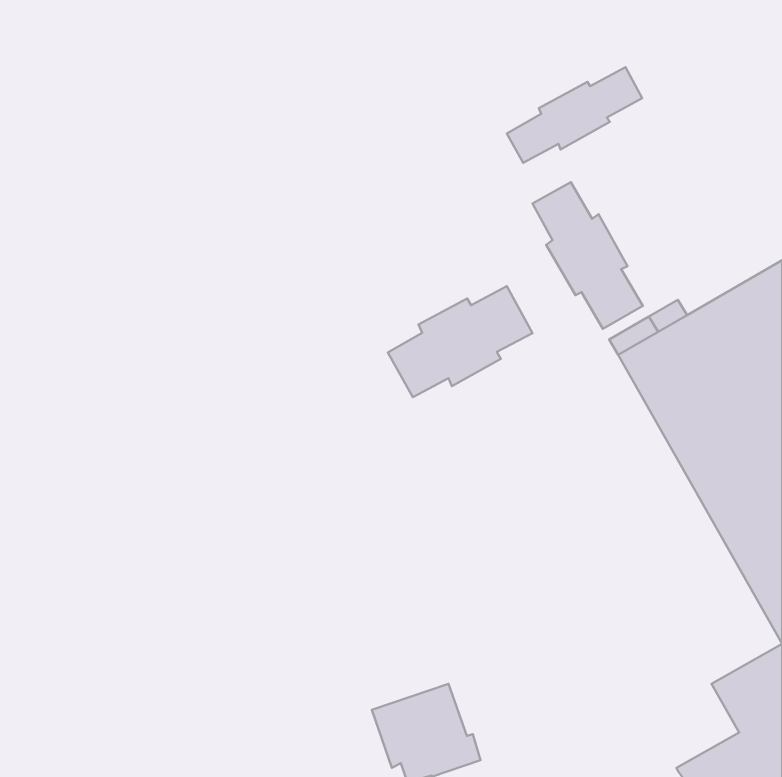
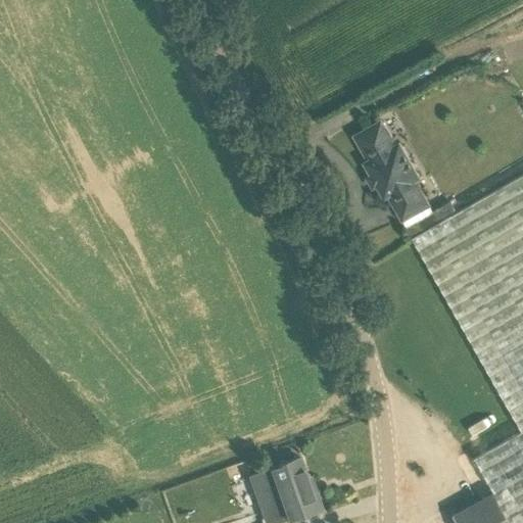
building: [507,67,642,163] -> none
building: [388,286,532,397] -> none

